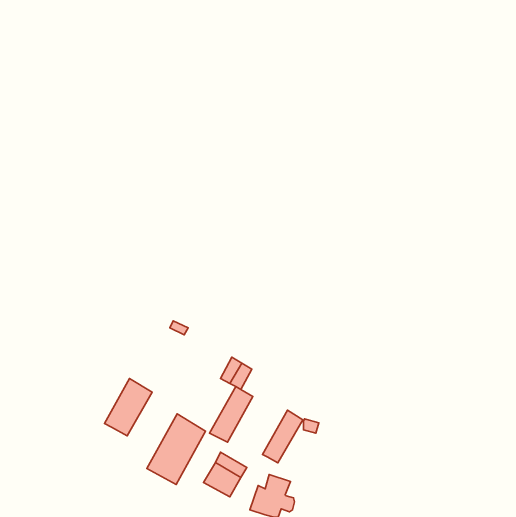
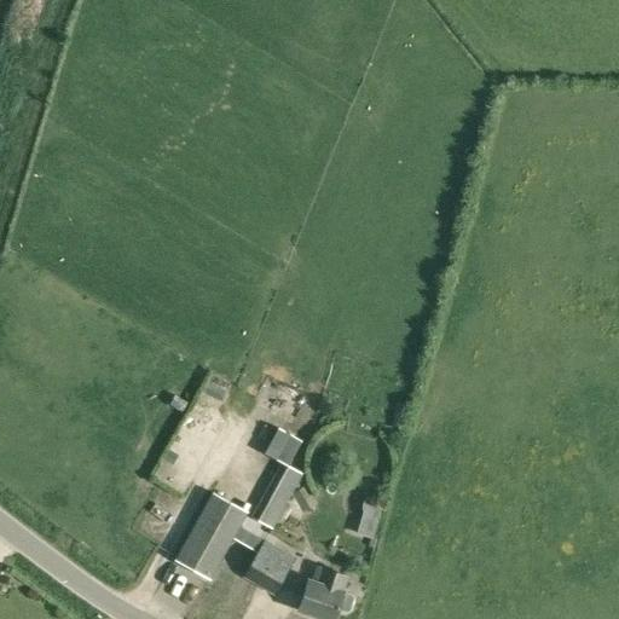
building: [105,379,152,436] -> none
building: [263,410,303,463] -> none

